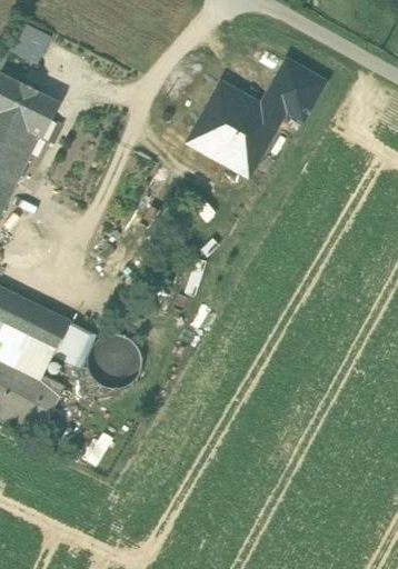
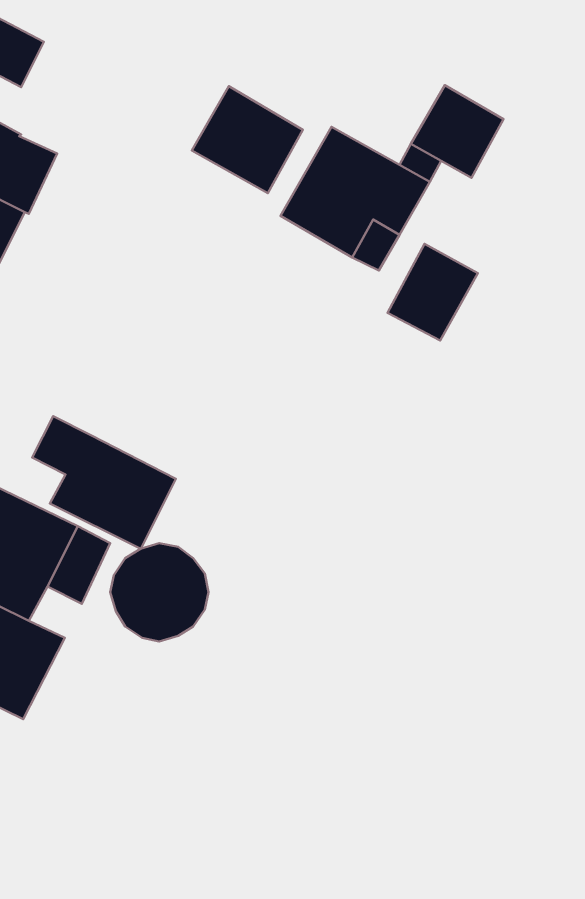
building: none -> [192,86,303,193]
building: none -> [388,244,478,341]
building: none -> [32,416,176,549]

